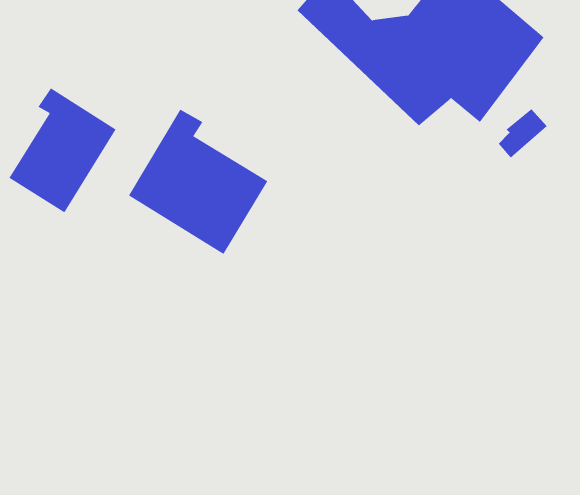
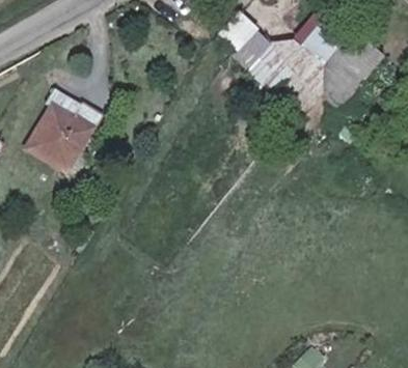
building: [128,109,268,255] -> none

